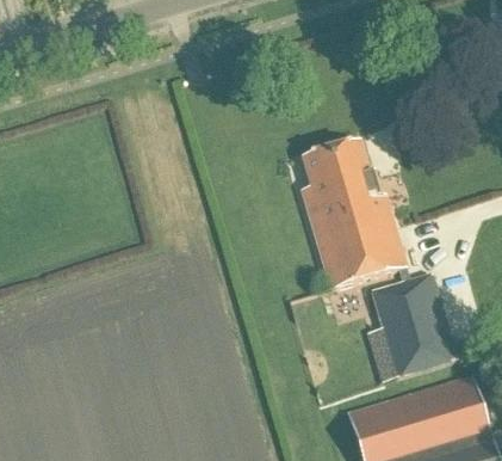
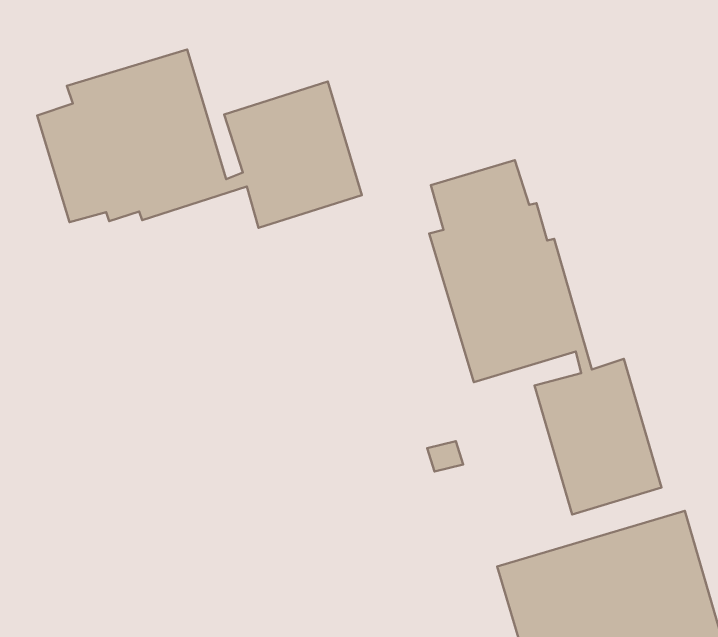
building: none -> [37,50,362,228]

